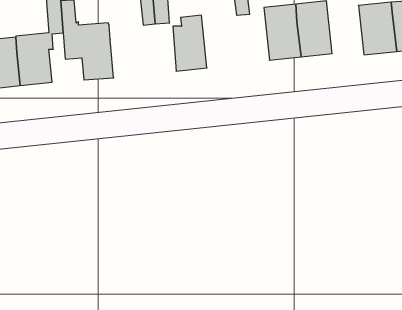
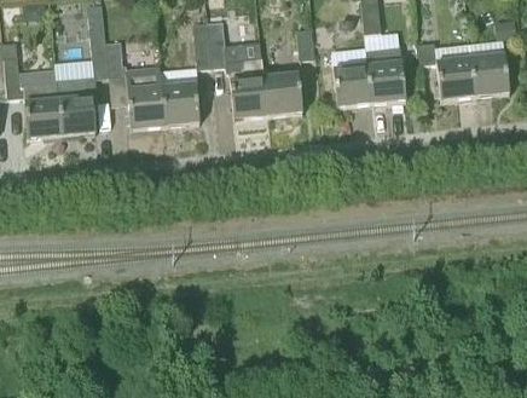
building: none -> [261,57,302,115]
building: none -> [161,81,199,126]

